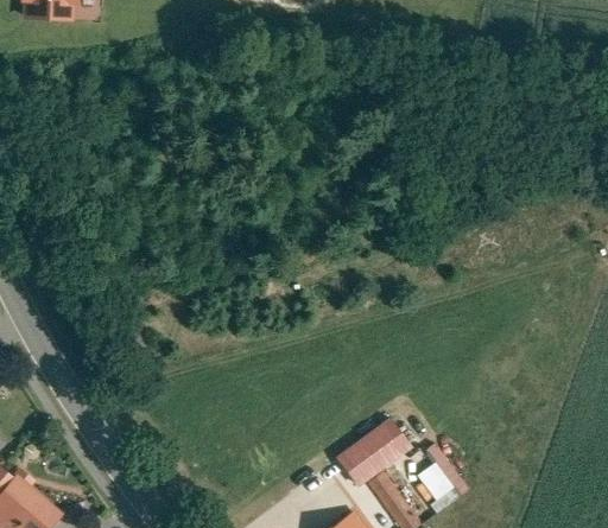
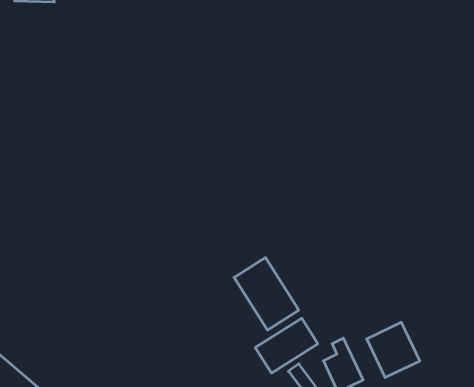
building: none -> [234,258,299,330]
building: none -> [367,322,420,378]

